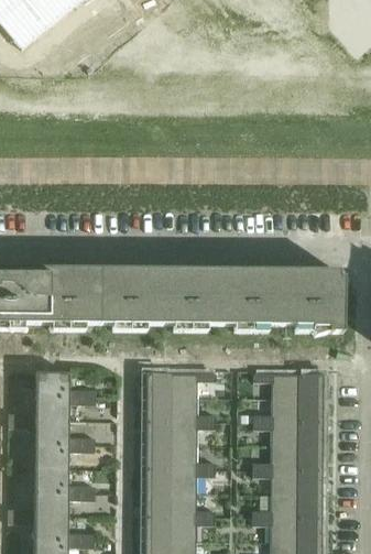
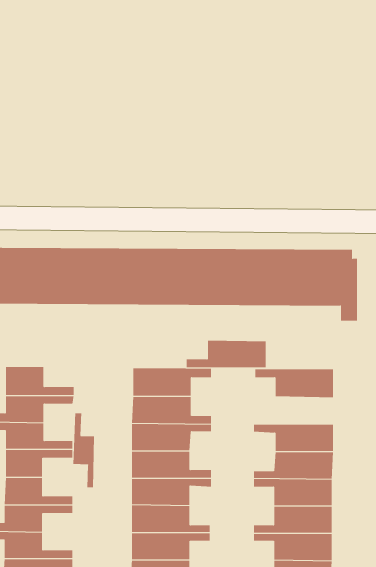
building: [252,399,323,423] -> [186,340,266,368]
building: none -> [73,412,94,488]

